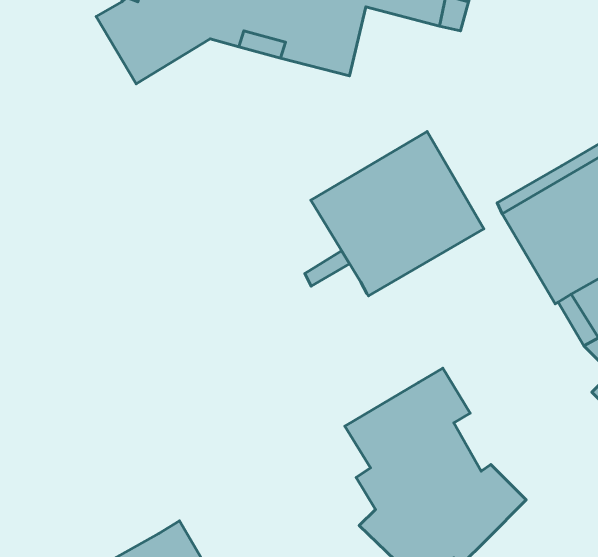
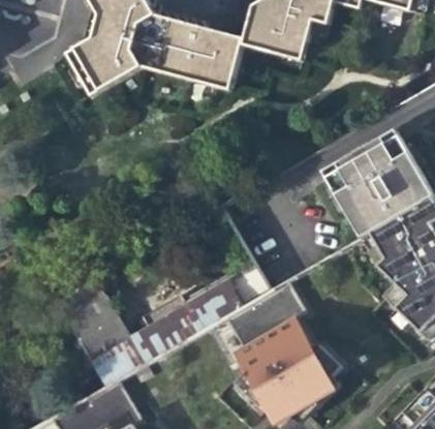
building: [311,132,484,296] -> none
building: none -> [58,259,274,387]

